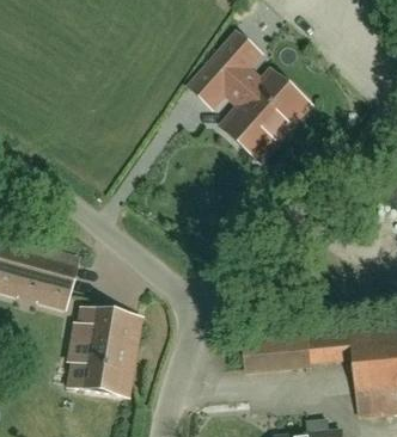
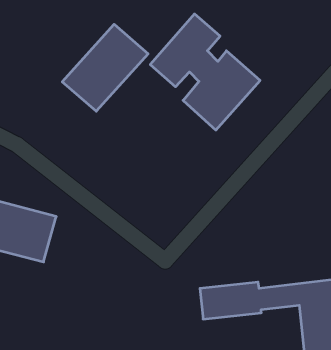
building: none -> [62,24,148,111]
building: [67,306,141,395] -> none

